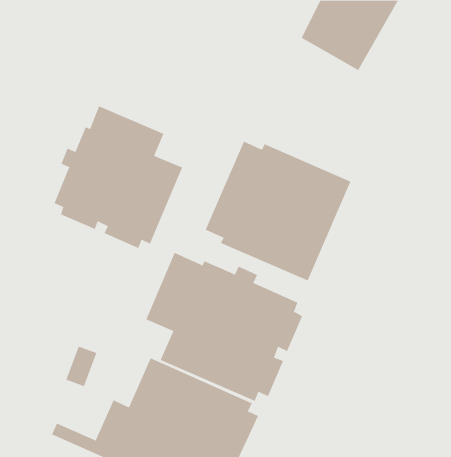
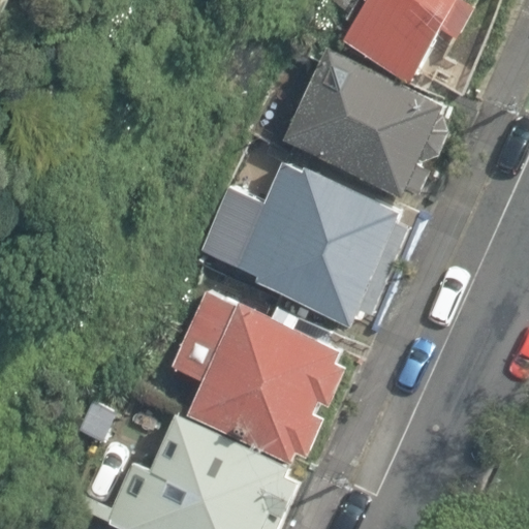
building: none -> [280,49,447,197]
building: [54,105,183,249] -> none

